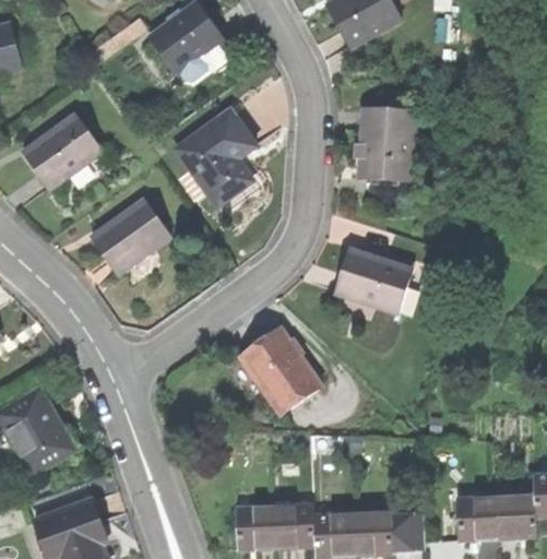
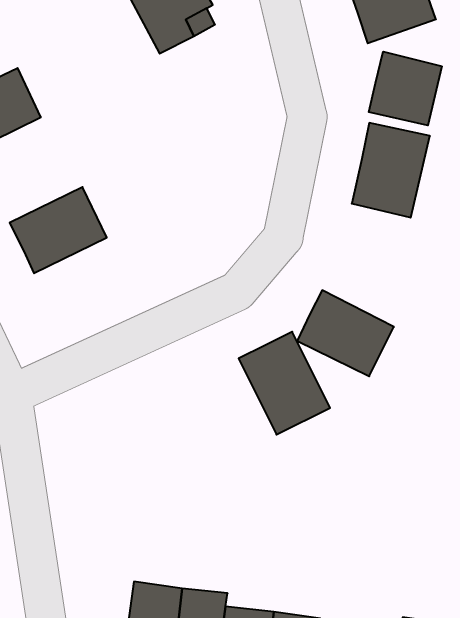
building: none -> [369,52,442,125]
building: [175,110,254,206] -> none
building: [239,330,319,414] -> [239,332,330,435]

